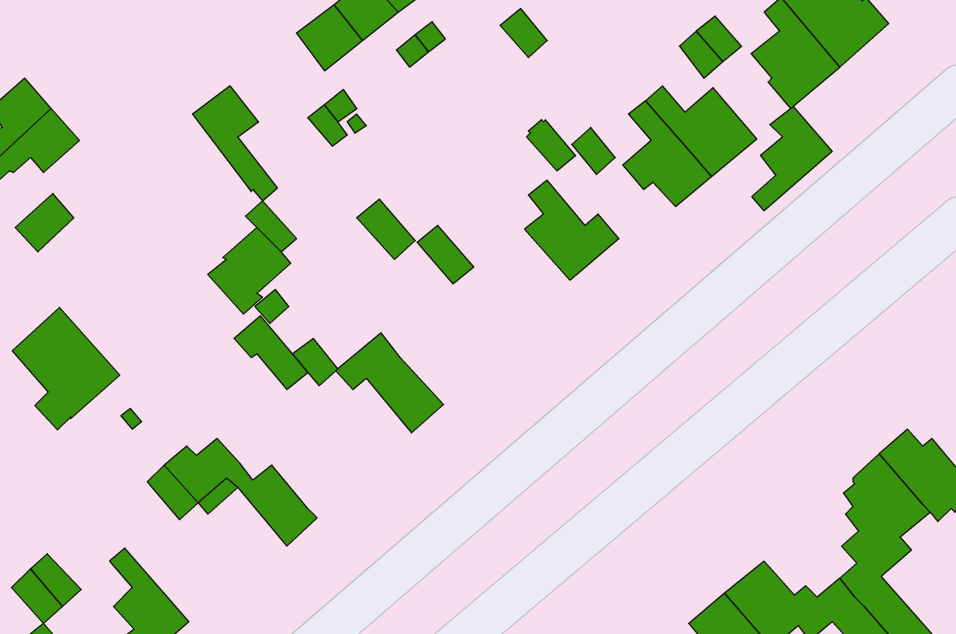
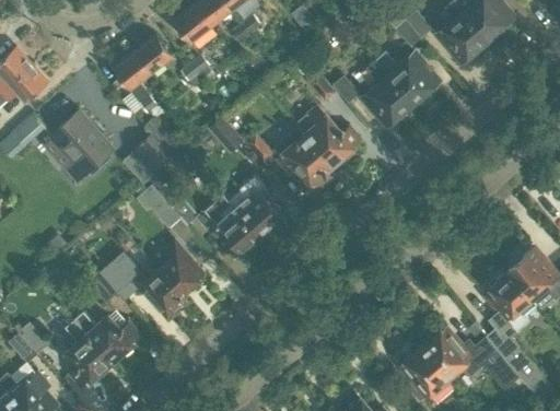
building: none -> [136,35,173,72]
building: [752,106,832,211] -> none
building: none -> [276,127,332,189]
building: none -> [223,175,282,236]
building: [12,307,120,430] -> [51,110,114,181]
building: none -> [160,240,205,296]
building: none -> [74,312,140,362]

